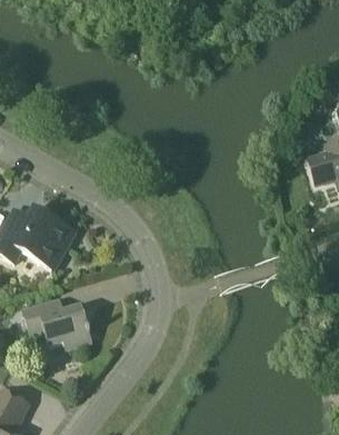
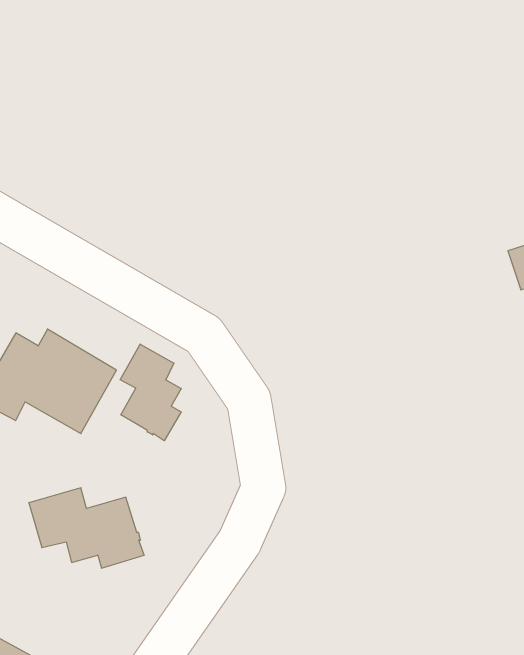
building: none -> [120,344,181,441]

